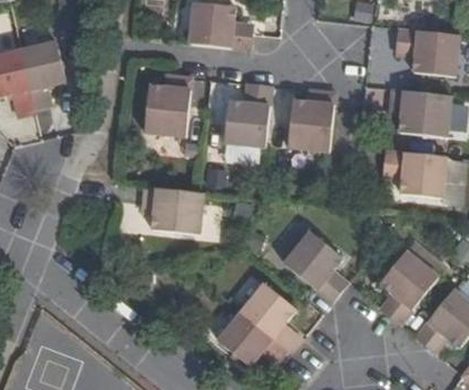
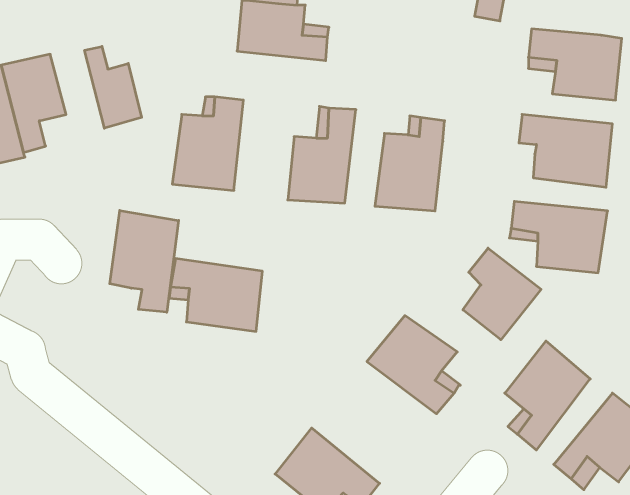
building: none -> [85,46,142,128]
building: none -> [110,210,179,312]
building: none -> [463,248,541,340]
building: [241,281,303,349] -> none

